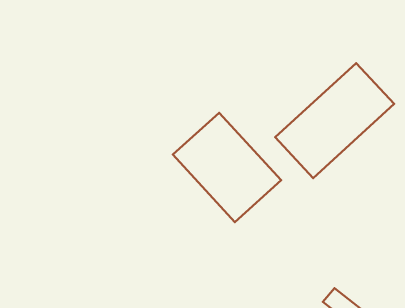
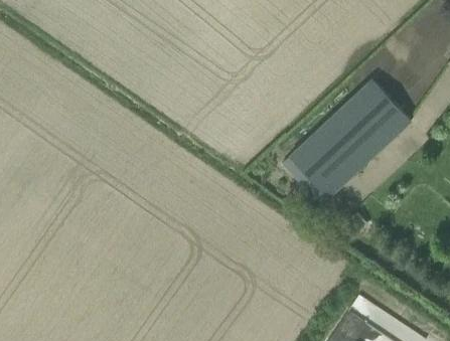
building: [173,113,281,222] -> none

